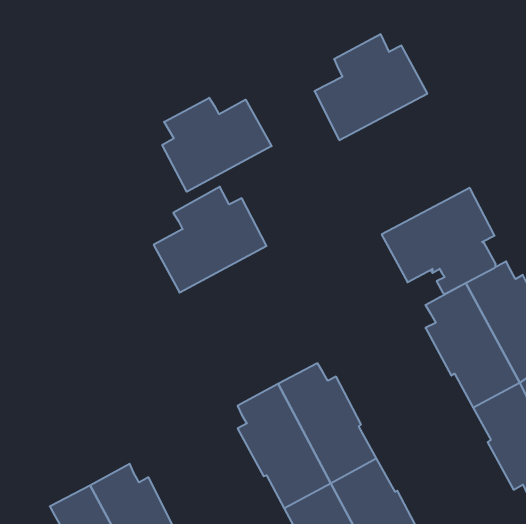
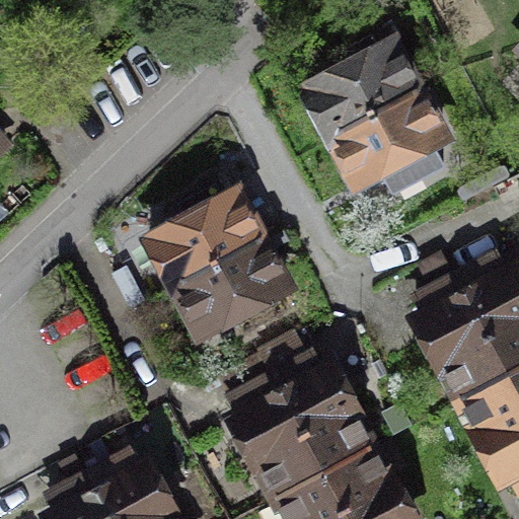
building: [162,98,272,192] -> none
building: [382,188,496,294] -> [336,97,447,201]
building: none -> [179,246,290,340]

